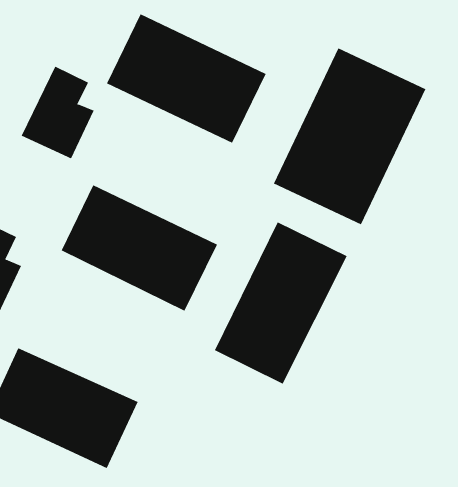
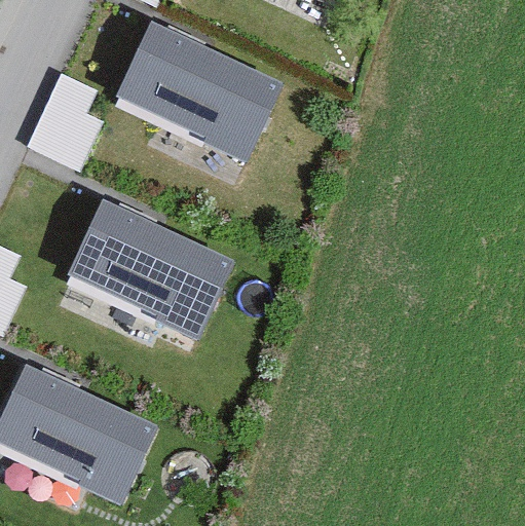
building: [273,47,426,225] -> none
building: [214,222,347,385] -> none

